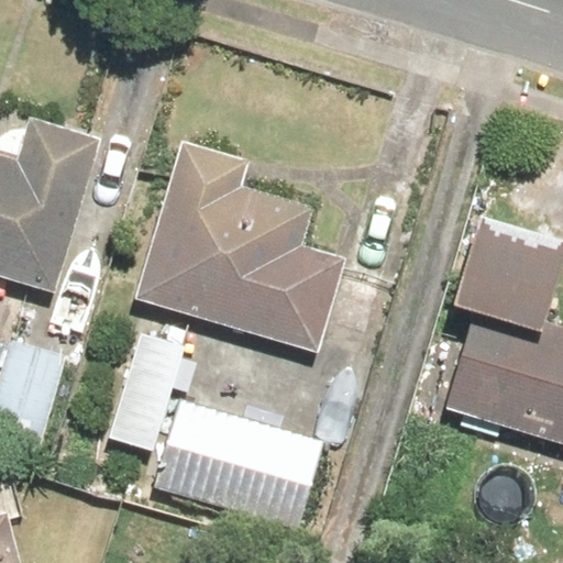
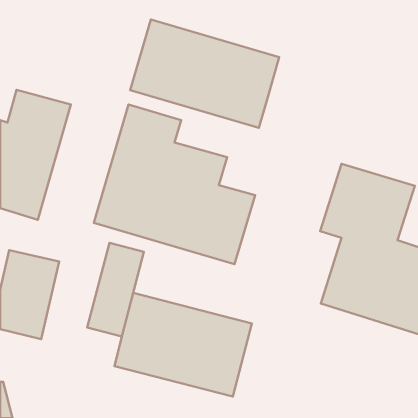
building: none -> [130,20,279,128]

